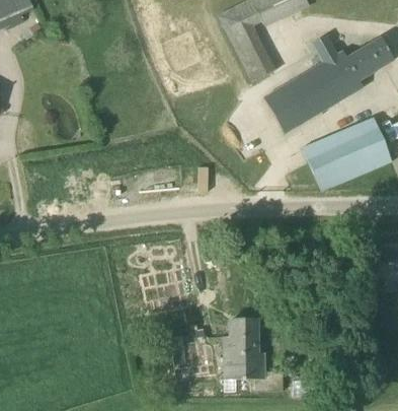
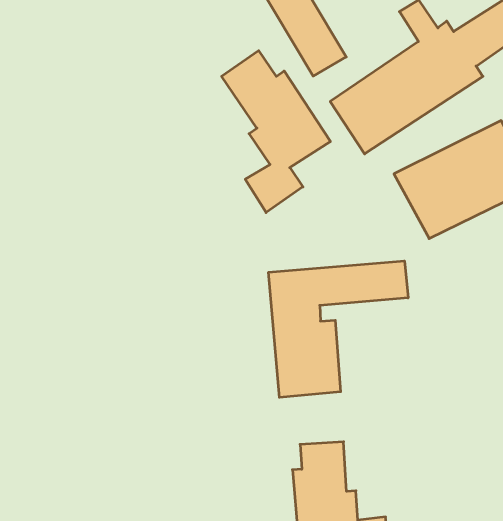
building: none -> [222,51,330,213]
building: none -> [269,261,408,397]

